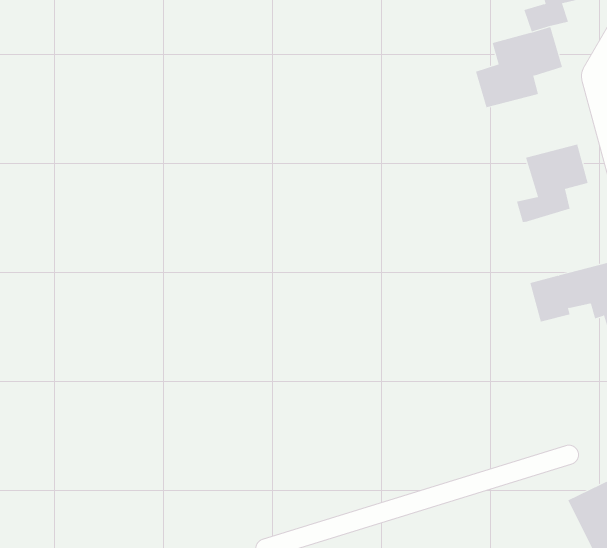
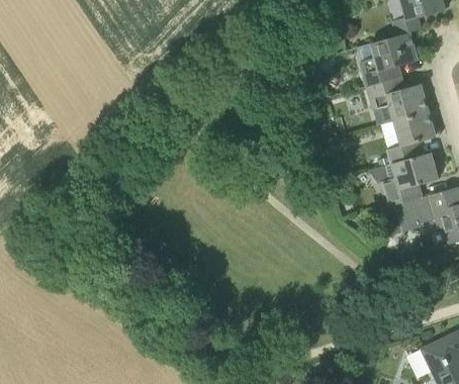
building: none -> [366,78,428,120]
building: none -> [381,153,438,206]

